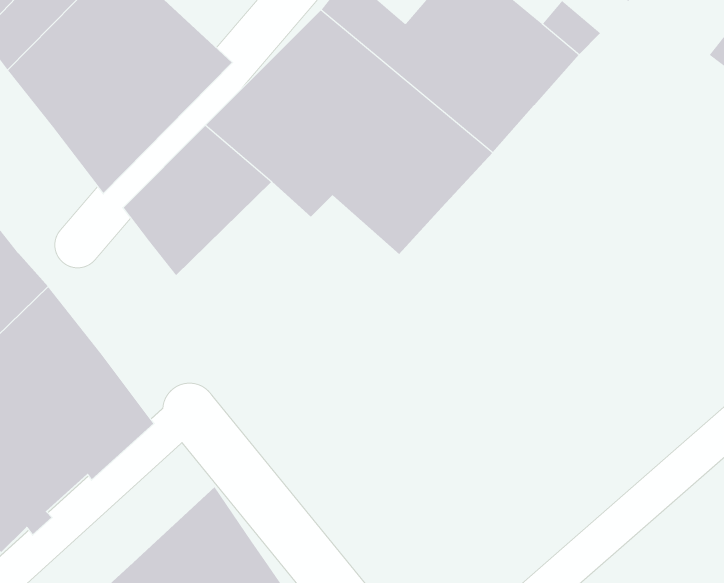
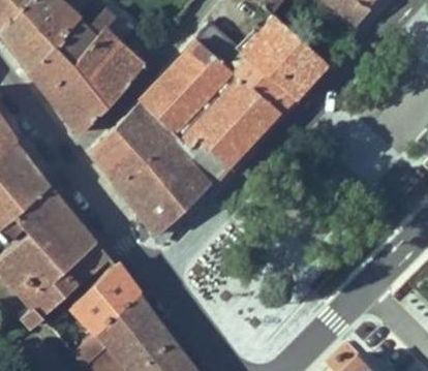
building: none -> [118,130,236,230]
building: none -> [74,262,139,331]

